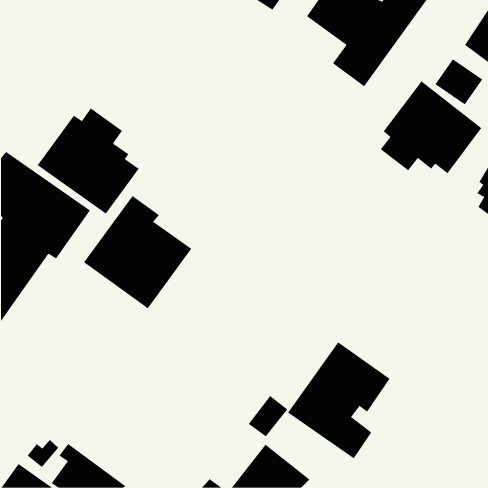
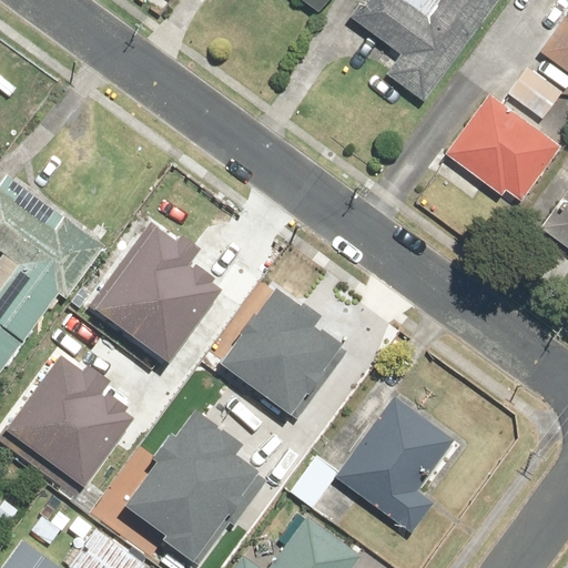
building: [37,107,140,214] -> none
building: none -> [214,287,342,417]
building: none -> [8,356,133,488]
building: none -> [118,407,260,561]

